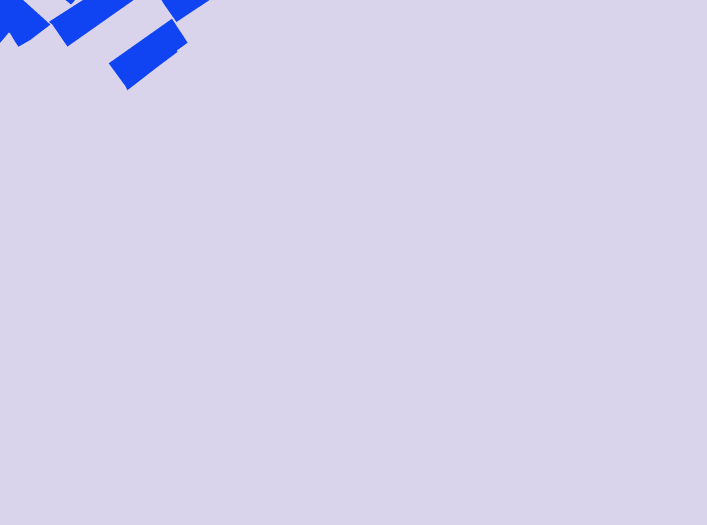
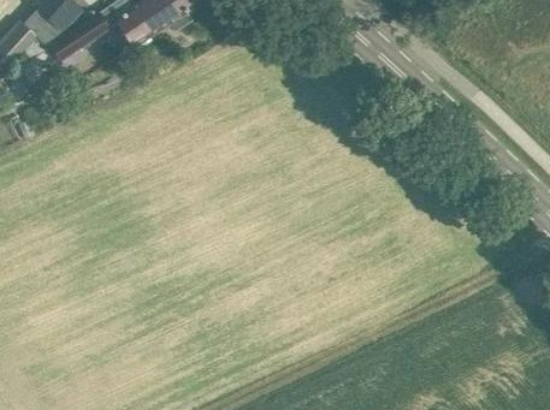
building: [108,17,189,92] -> none

